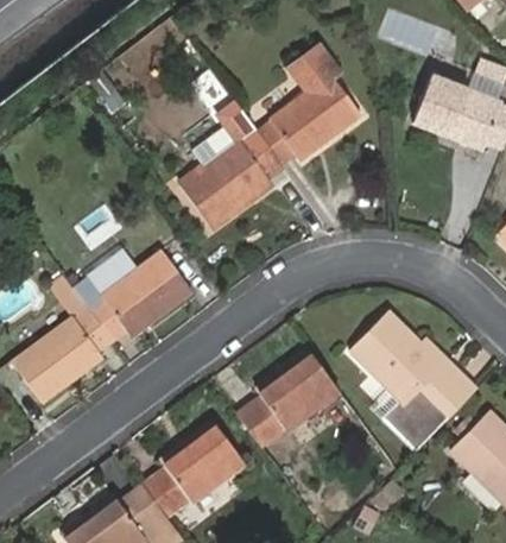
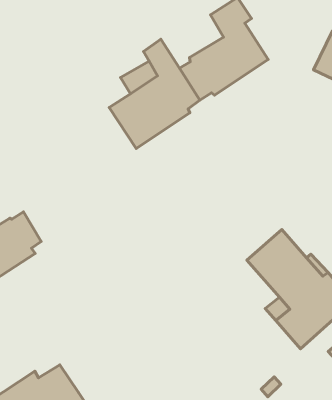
building: [72,252,191,343] -> none
building: [238,349,341,447] -> none
building: [141,421,241,516] -> none

